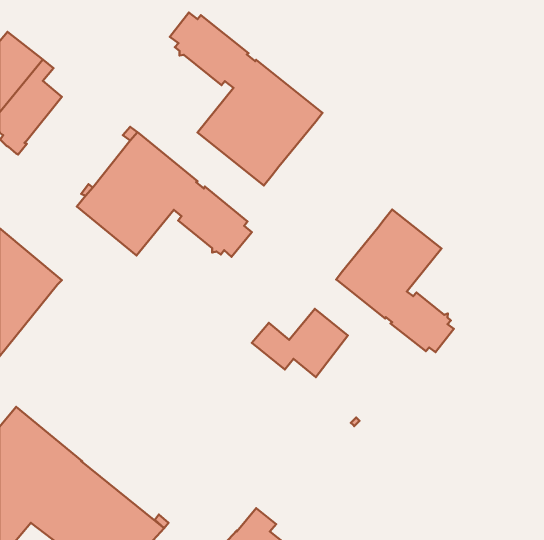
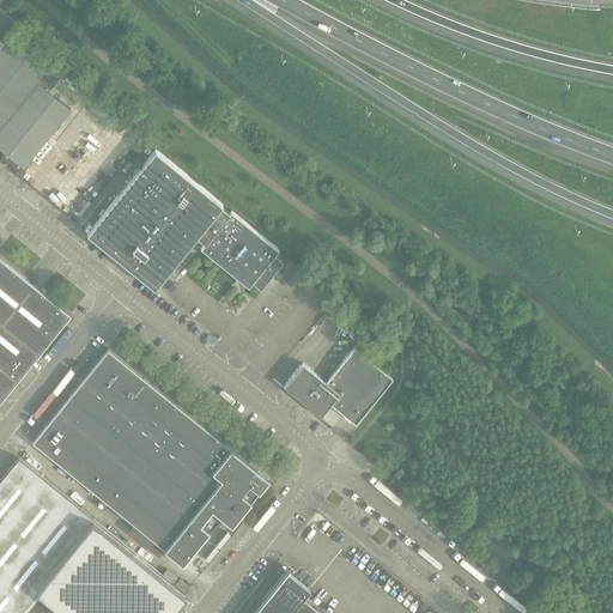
building: [170,13,322,185] -> none
building: [336,210,454,352] -> none
building: none -> [31,353,269,570]

